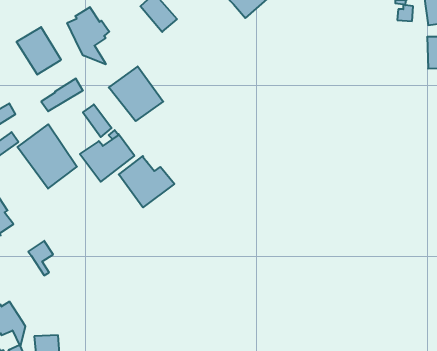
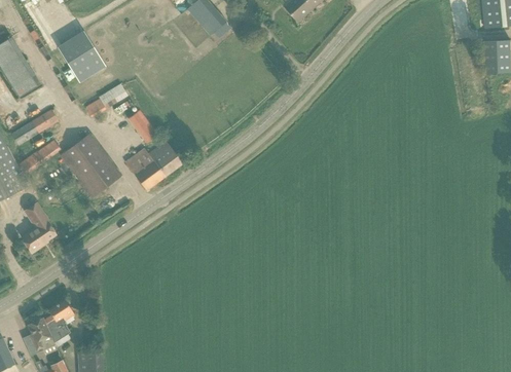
building: [67,7,109,64] -> none
building: [109,66,163,121] -> none
building: [119,156,174,207] -> none
building: [28,241,53,275] -> [48,300,74,336]

